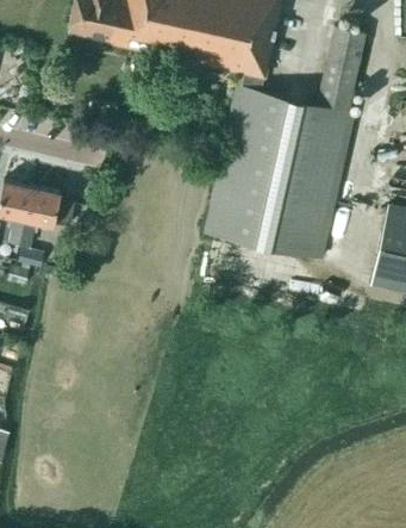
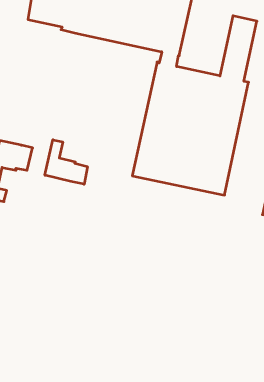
building: none -> [45,140,87,184]

